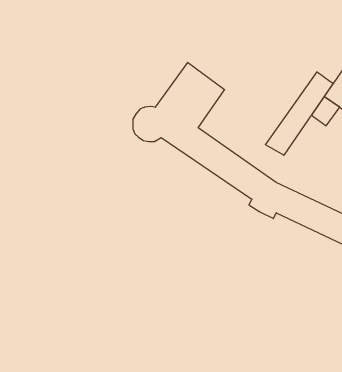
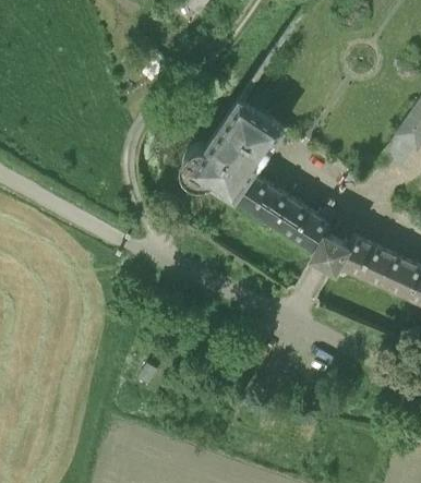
building: [265,72,333,155] -> none

